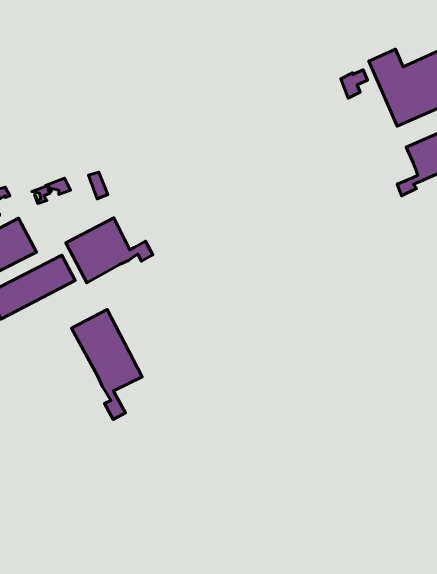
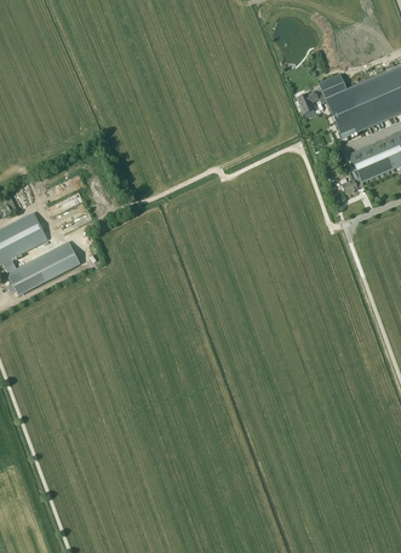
building: [66,218,153,283] -> none
building: [71,310,142,419] -> none

